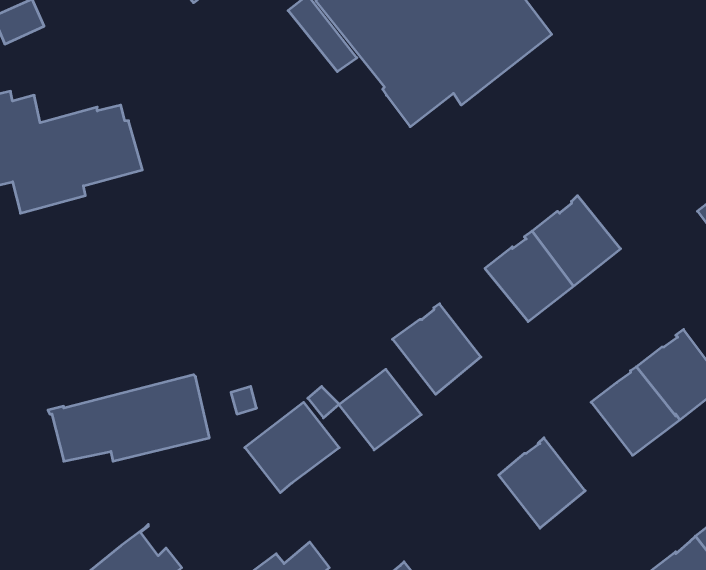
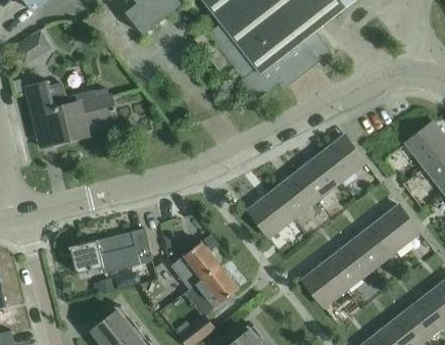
building: none -> [271,172,317,218]
building: [339,369,421,450] -> [195,265,238,307]
building: none -> [326,242,372,288]

